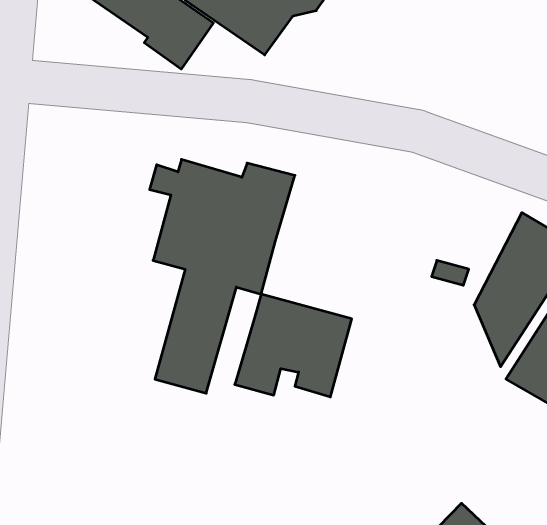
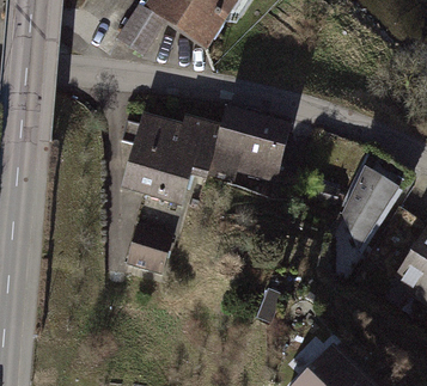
building: [235,294,352,397] -> [208,109,287,178]

